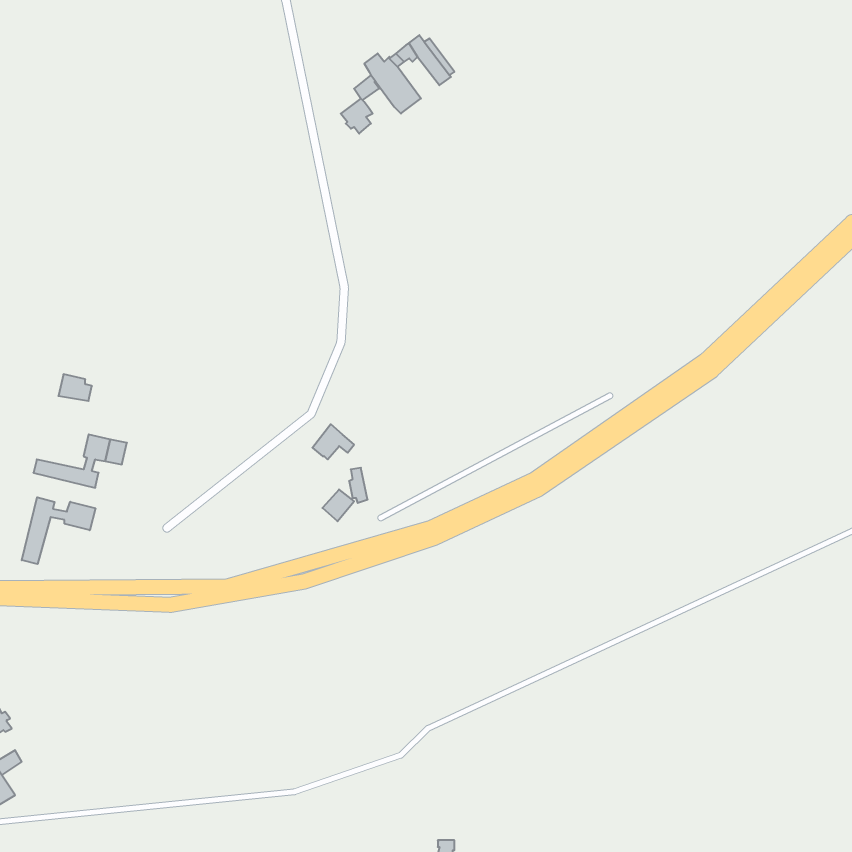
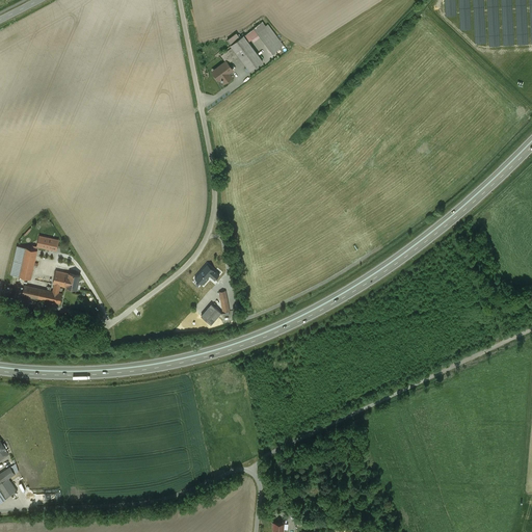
building: none -> [16,248,36,280]
building: [22,497,95,564] -> none

